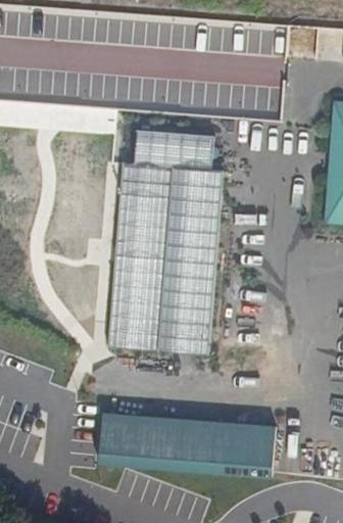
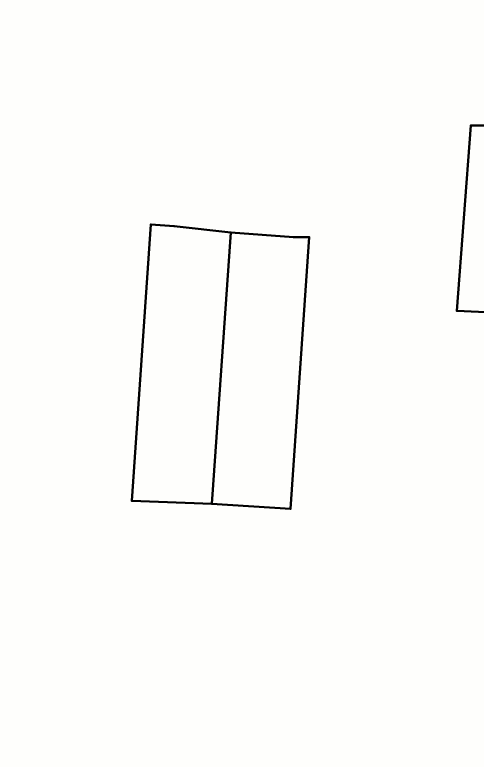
building: [136,130,216,173] -> none
building: [103,415,282,476] -> none

